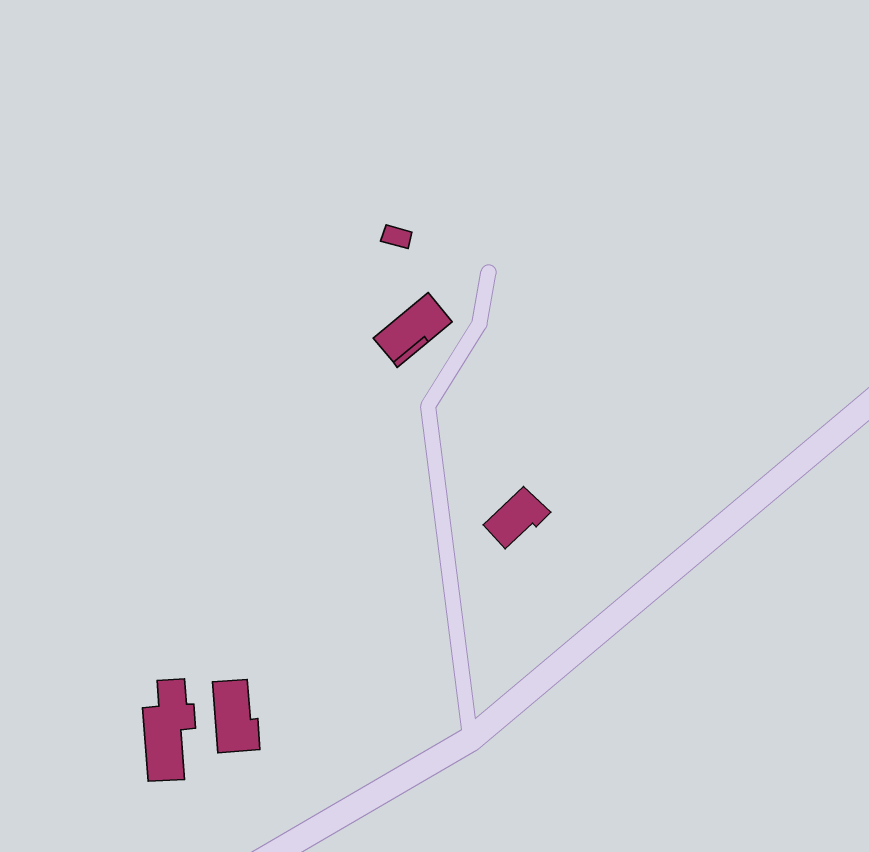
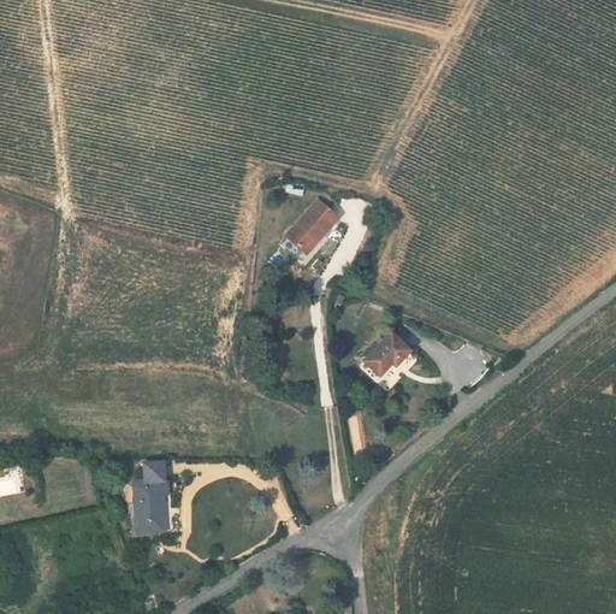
building: [212,680,260,753] -> none

